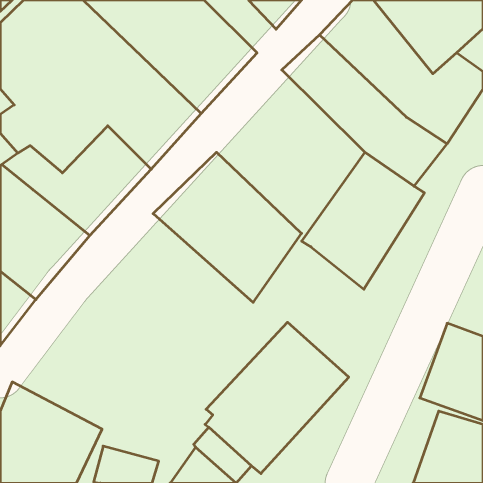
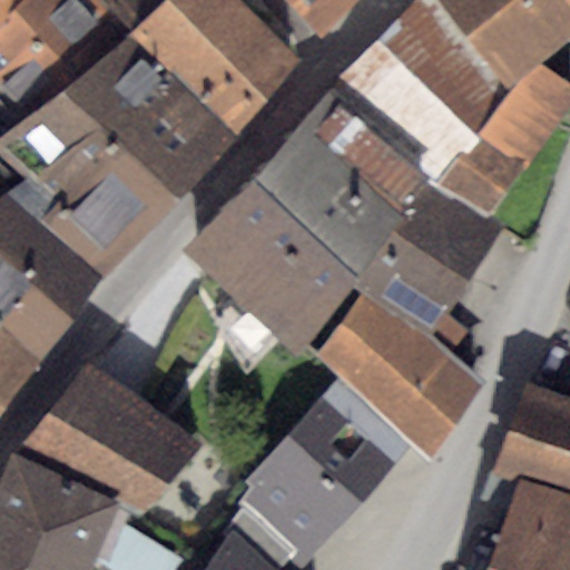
building: none -> [255,82,425,275]
building: none -> [322,291,482,461]
building: none -> [14,364,198,515]

